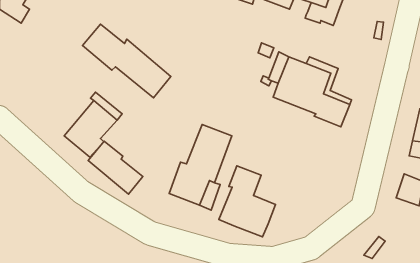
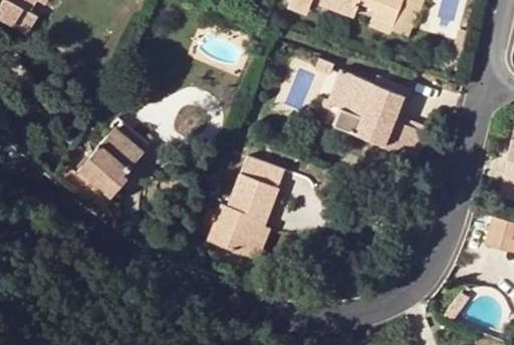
building: [83,24,171,98] -> none
building: [88,141,143,194] -> none
building: [219,166,276,237] -> none

